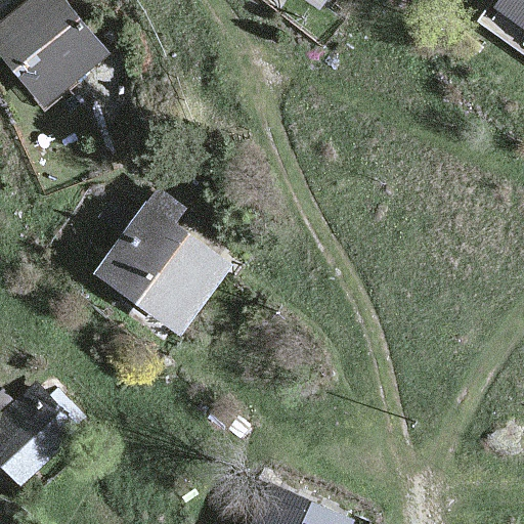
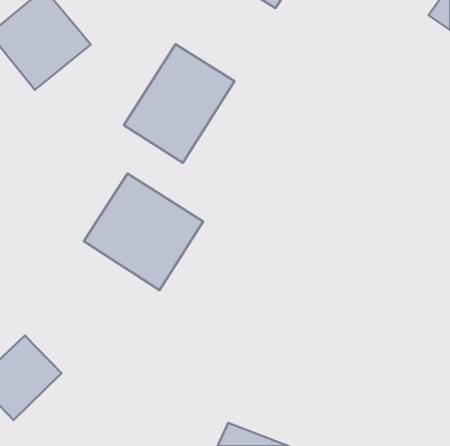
building: none -> [124,44,234,163]

